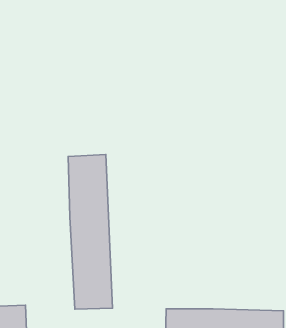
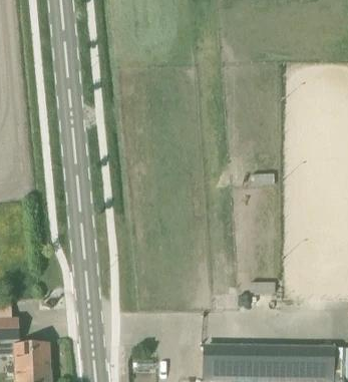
building: [68,154,112,309] -> none

